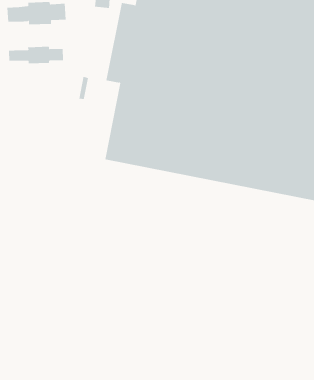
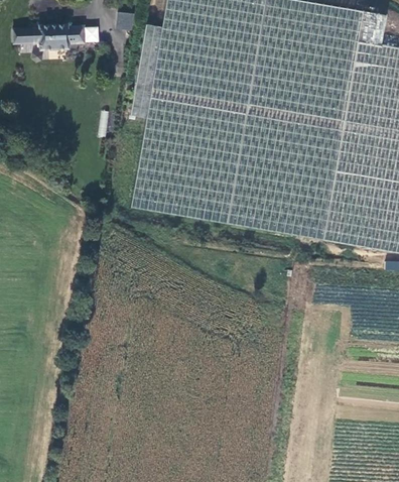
building: [9,46,63,64] -> none

